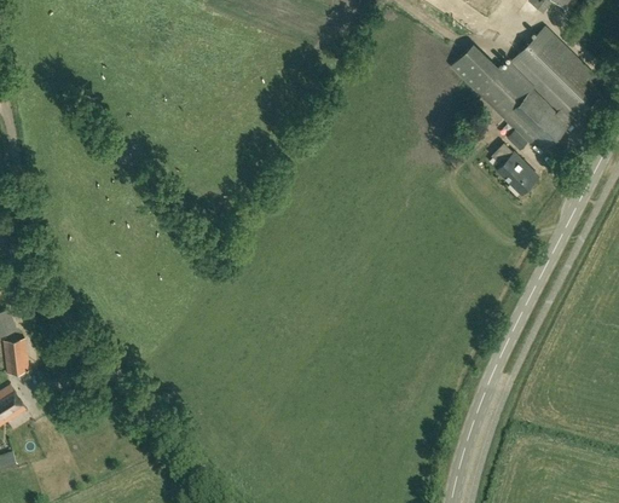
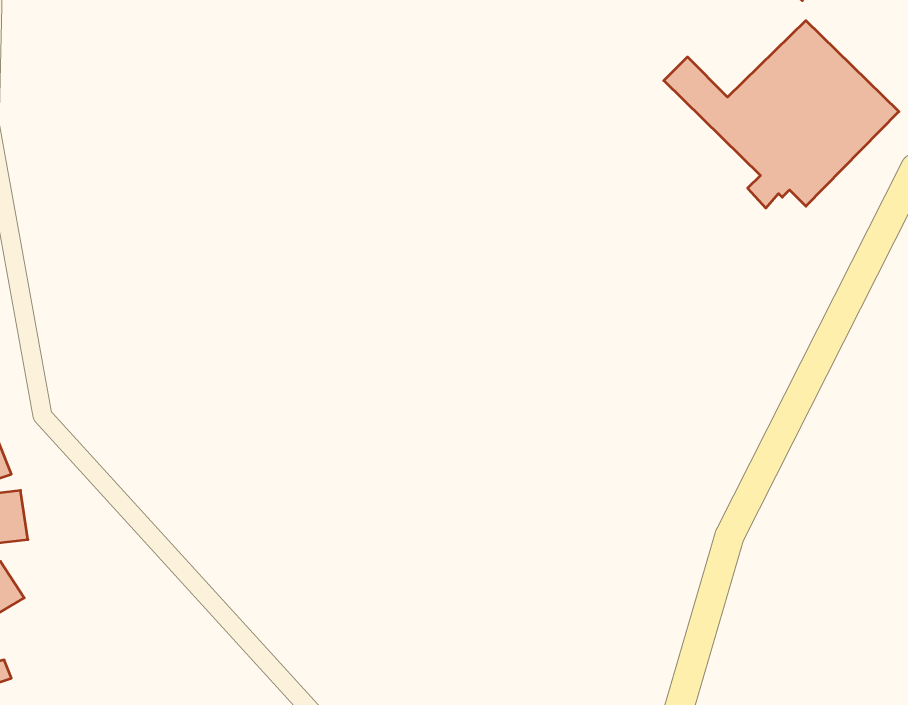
building: [492,143,534,193] -> none

